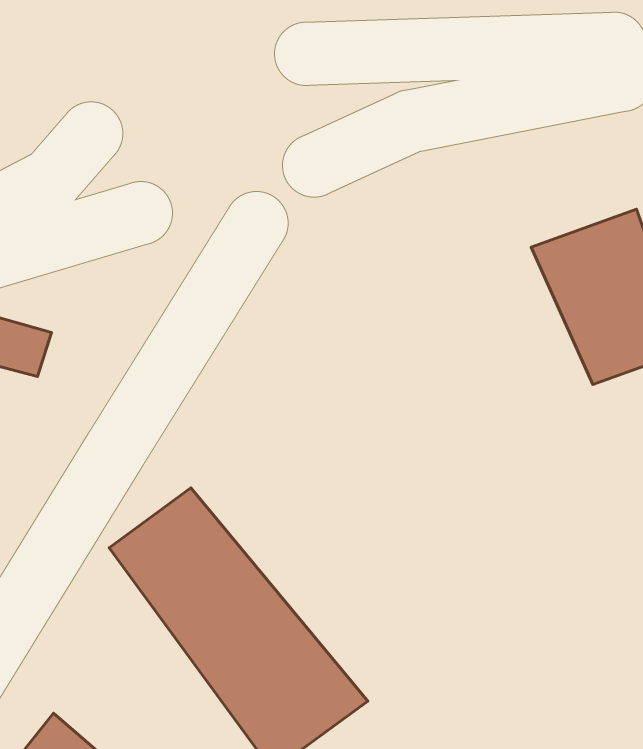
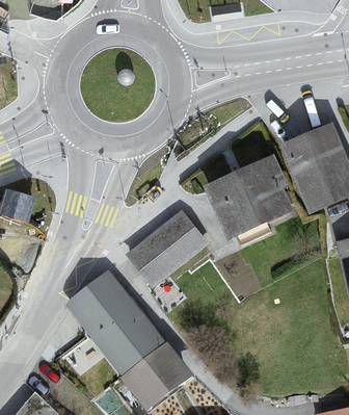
building: none -> [209,155,297,238]
building: none -> [124,209,206,287]

